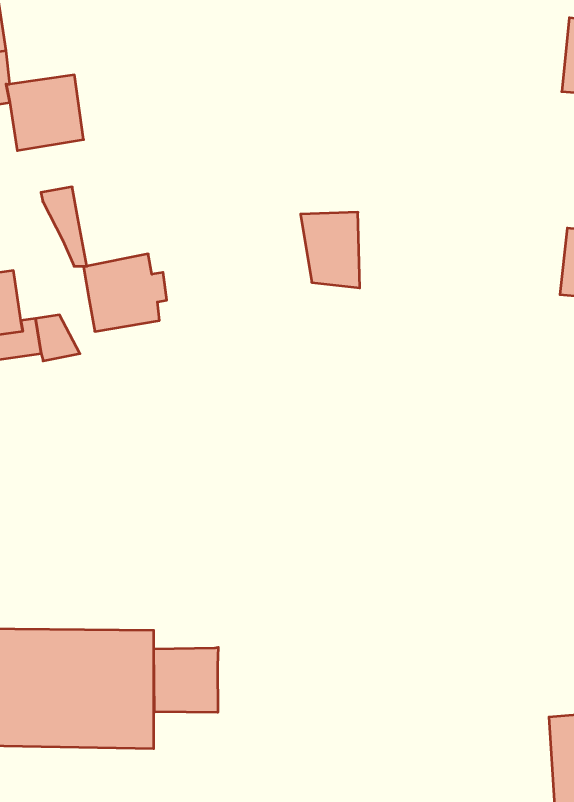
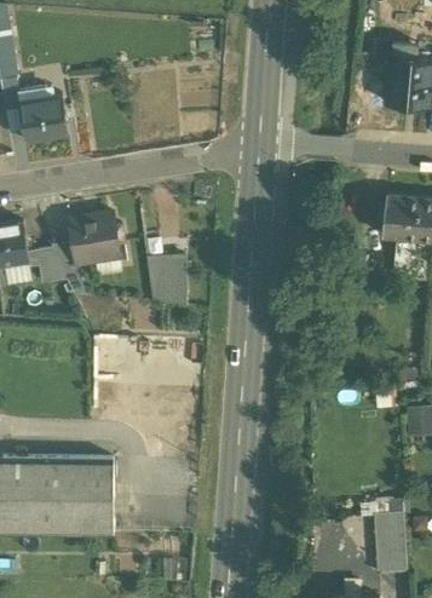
building: [41,187,87,266] -> [52,241,82,293]
building: [301,212,360,288] -> [149,255,188,305]
building: [154,647,218,712] -> none

